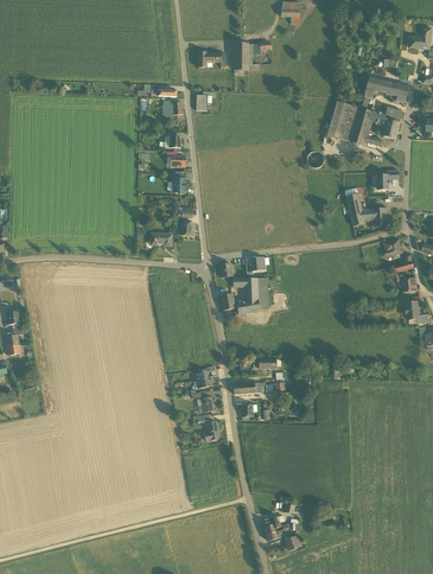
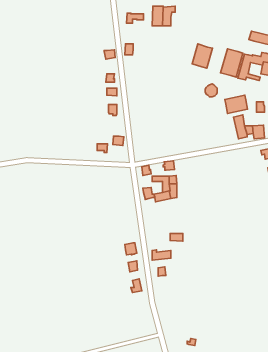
building: none -> [192,44,212,68]
building: none -> [225,95,248,113]

